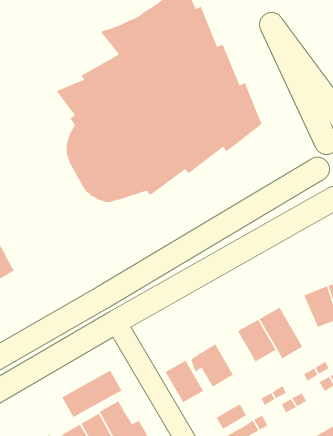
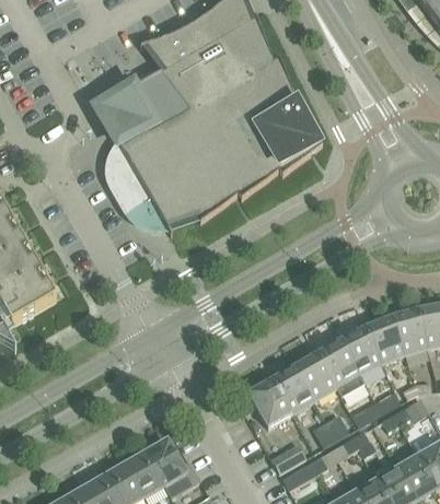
building: none -> [339,326,380,372]
building: [164,360,204,403] -> [270,364,313,411]
building: [61,370,122,418] -> none

